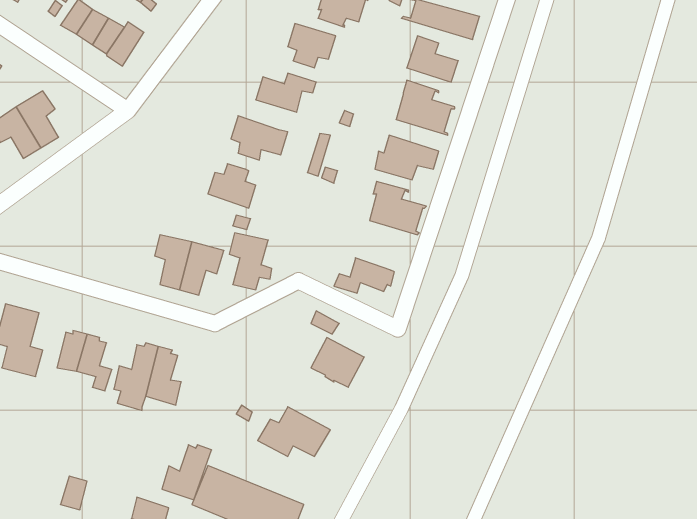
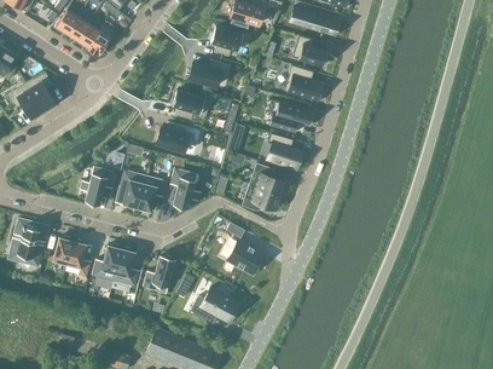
building: none -> [249,163,285,195]
building: none -> [80,167,116,204]
building: [162,445,212,500] -> [141,255,175,293]

